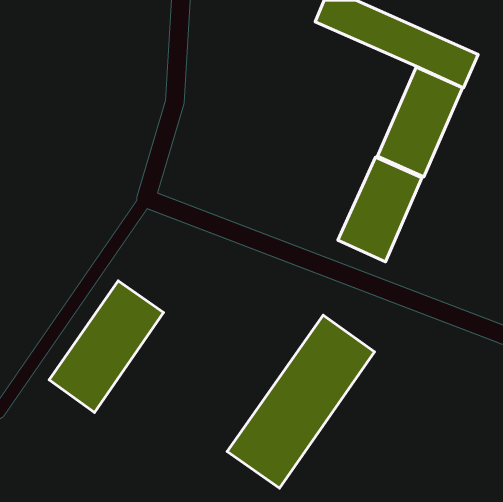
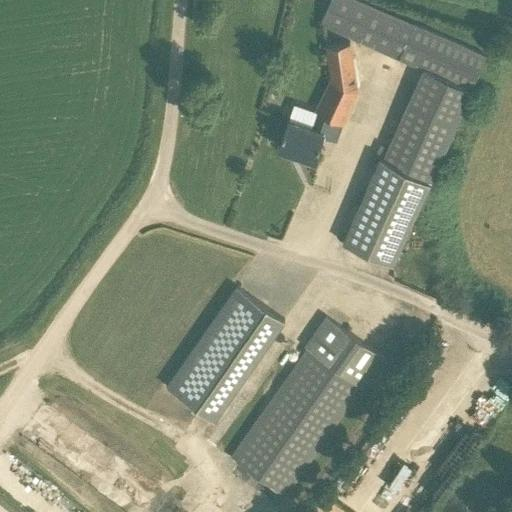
building: none -> [277,43,355,163]
building: [49,281,164,412] -> [166,290,282,423]

